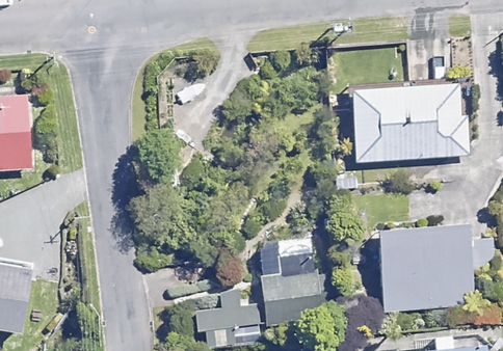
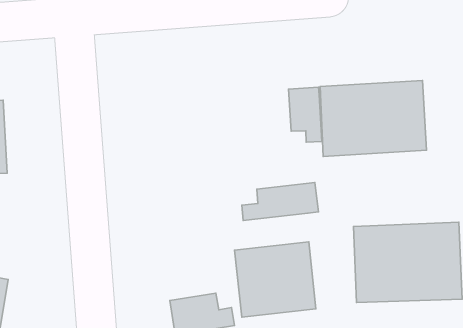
building: none -> [289,87,322,142]
building: none -> [242,183,318,220]

